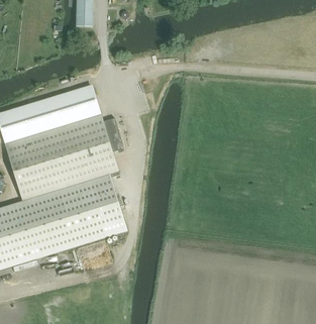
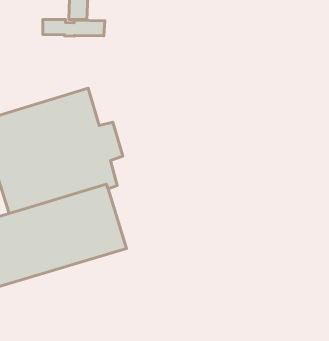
building: none -> [43,19,105,36]

